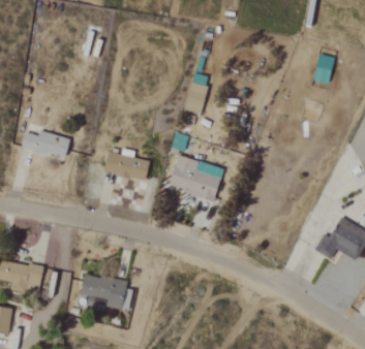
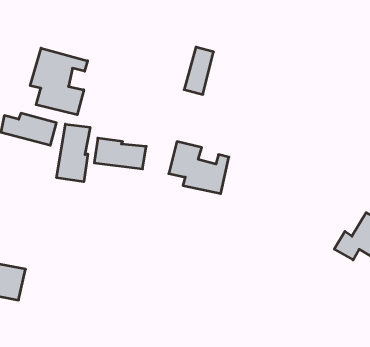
building: none -> [30,48,88,115]
building: none -> [57,124,90,182]
building: [81,274,132,310] -> none

